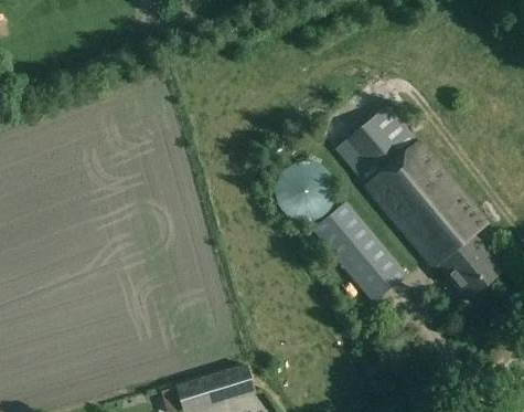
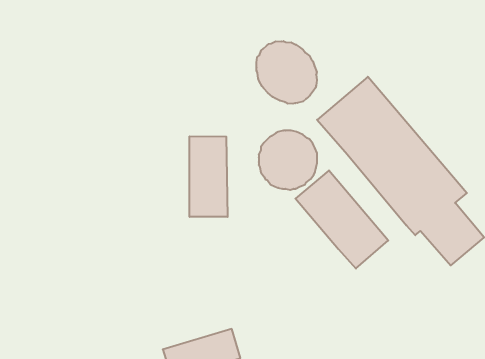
building: none -> [256,41,317,104]
building: none -> [190,136,228,217]

